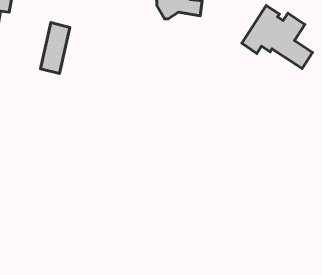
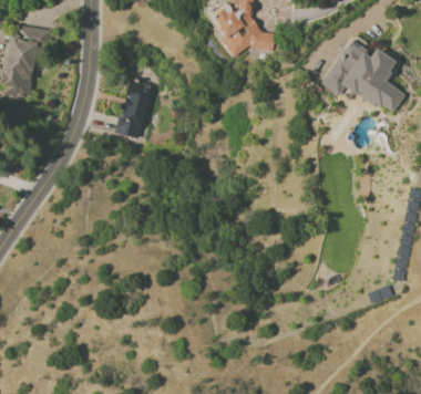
building: [41,23,70,73] -> [116,79,151,138]

